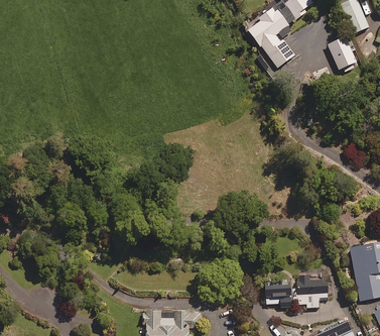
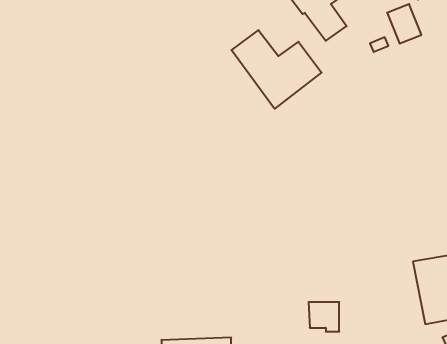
building: none -> [231,30,322,109]
building: [296,274,327,306] -> none

